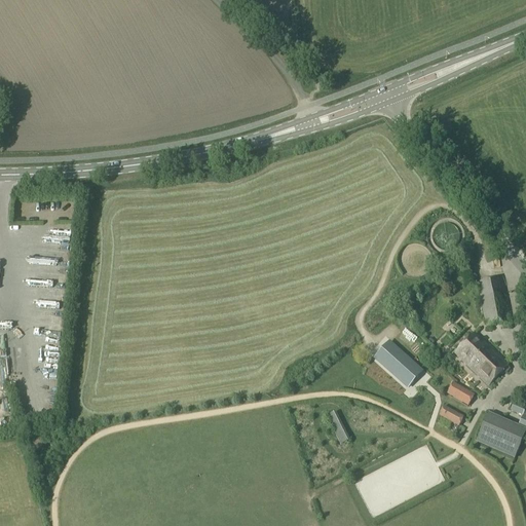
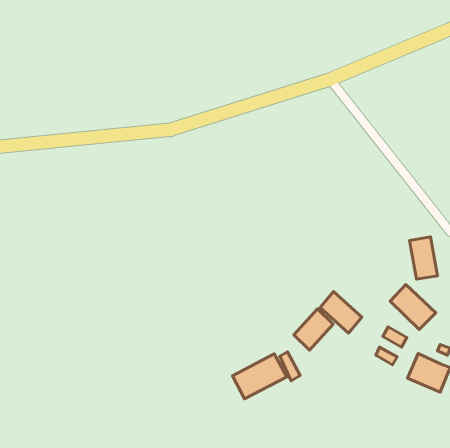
building: none -> [294,309,333,350]
building: none -> [233,354,287,399]

